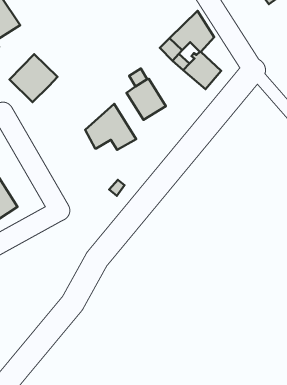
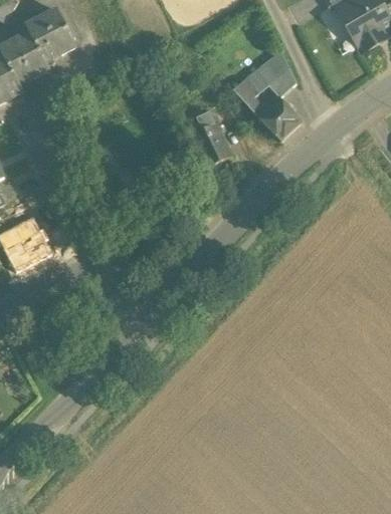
building: [9,54,57,102] -> none
building: [85,104,136,150] -> none

